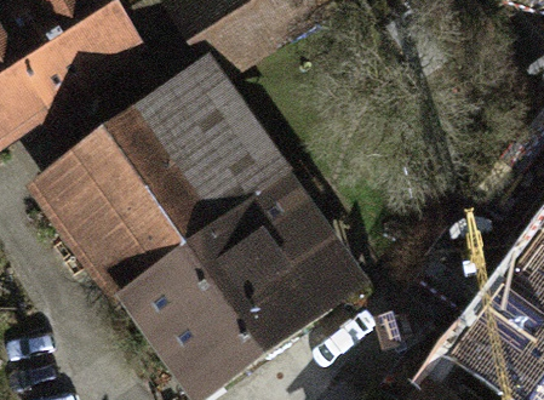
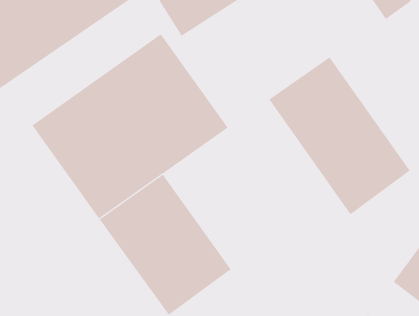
building: none -> [269,57,411,215]
building: [196,181,348,343] -> none

